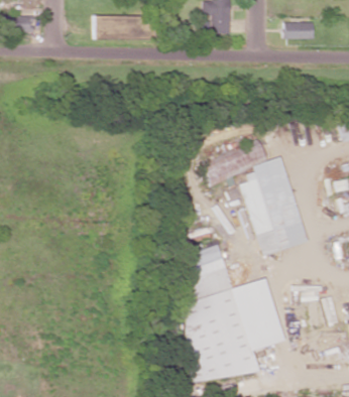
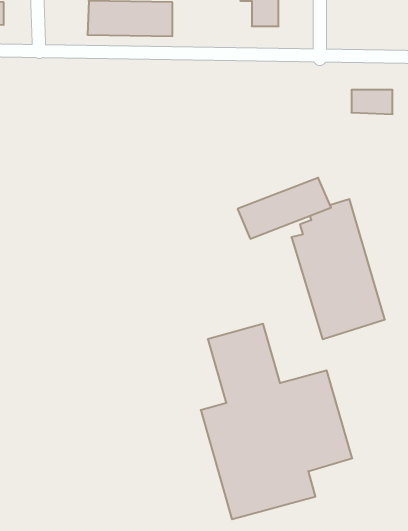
building: [284,22,314,39] -> [351,90,393,114]

